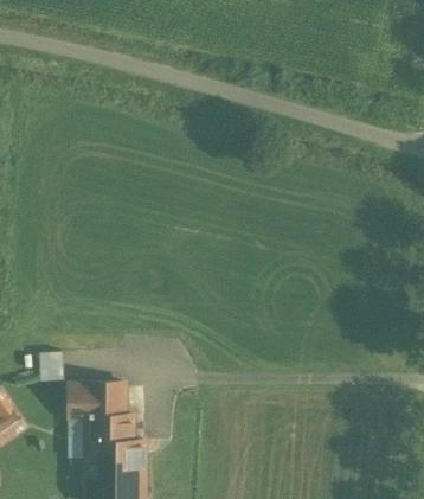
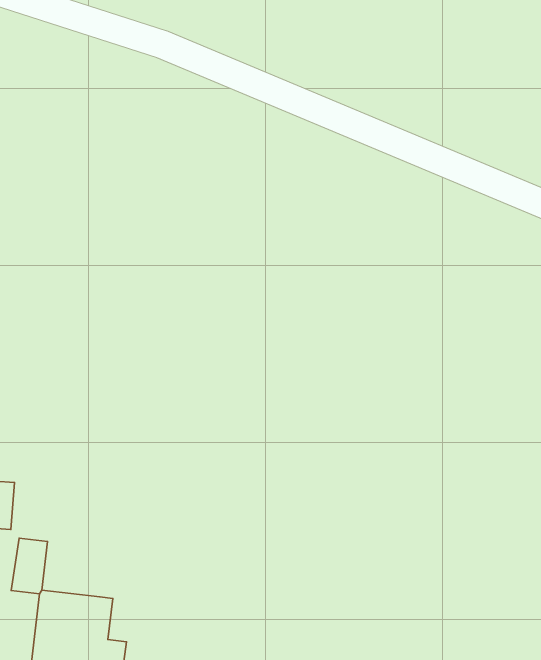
building: [85,384,122,417] -> none

